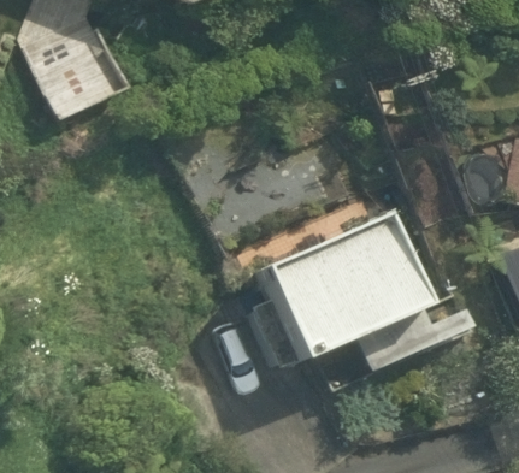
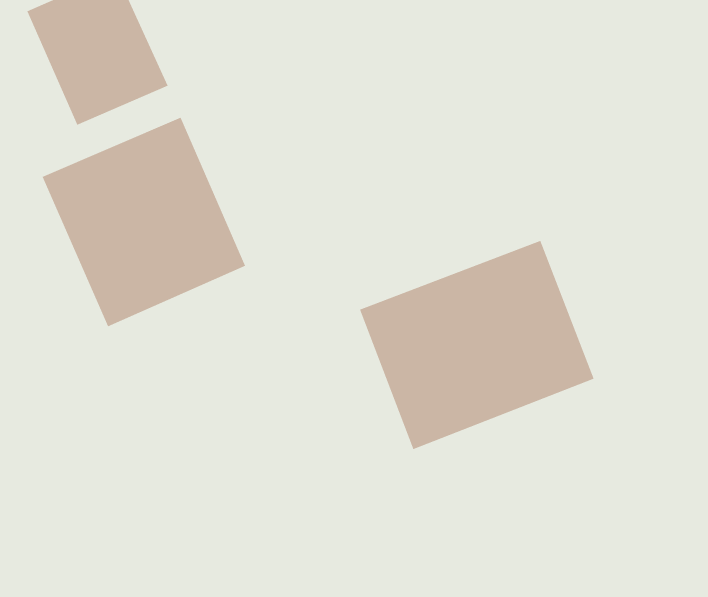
building: none -> [42,117,246,327]

